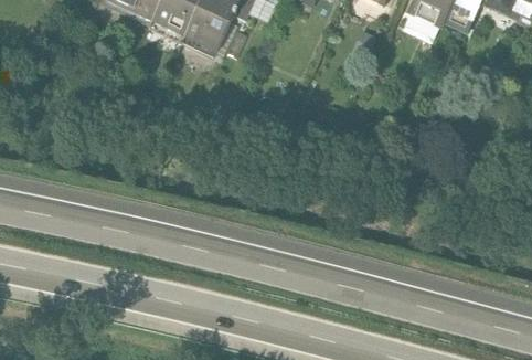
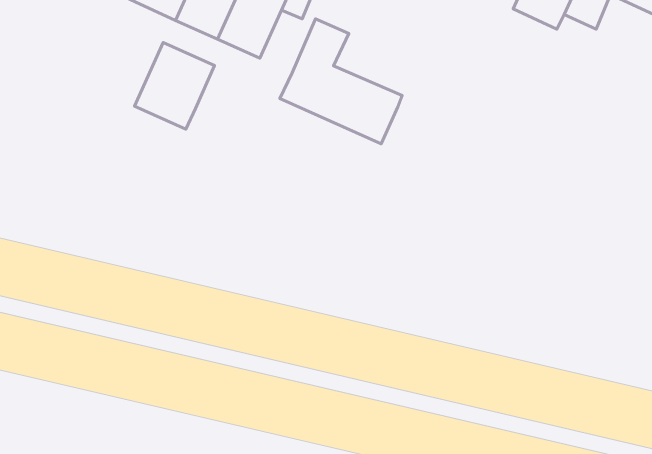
building: none -> [280,19,402,144]
building: none -> [135,42,215,129]

